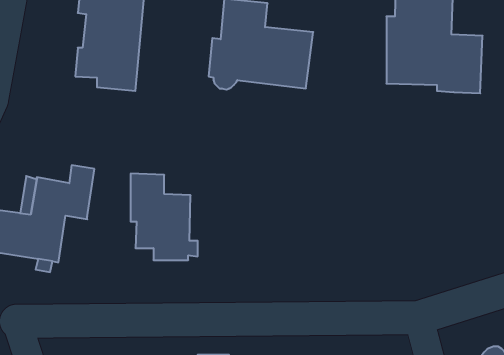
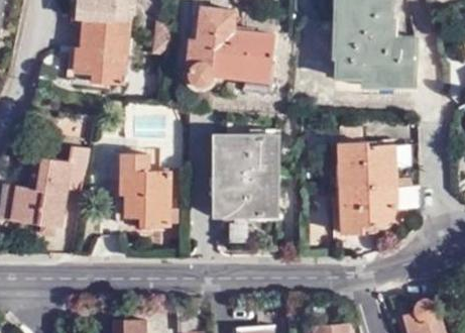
building: none -> [336,126,397,234]
building: none -> [219,134,277,216]

